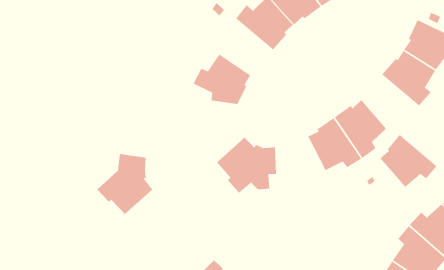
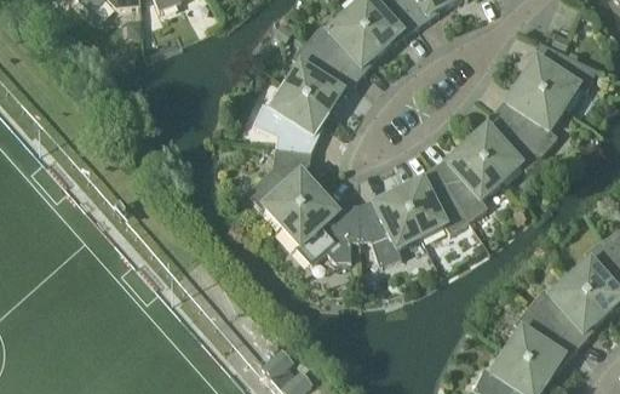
building: none -> [286,41,355,114]
building: [380,134,438,188] -> [467,113,541,182]
building: none -> [358,192,421,265]
building: [96,153,153,215] -> [246,147,318,225]

